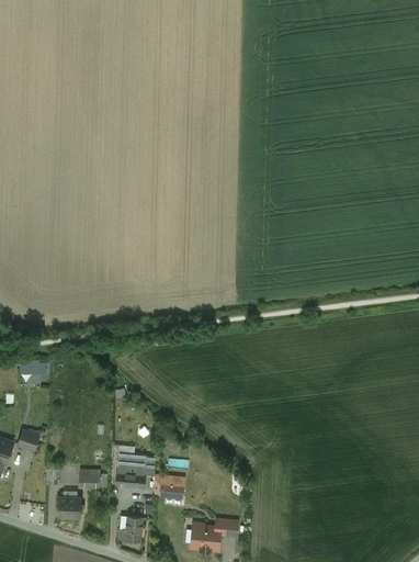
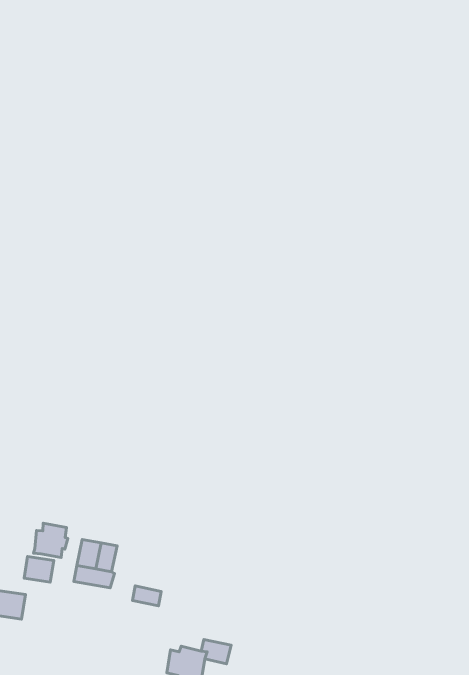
building: none -> [33,523,68,557]
building: [118,516,143,541] -> none

